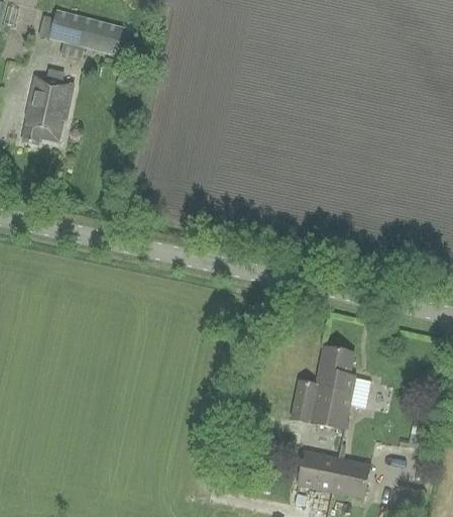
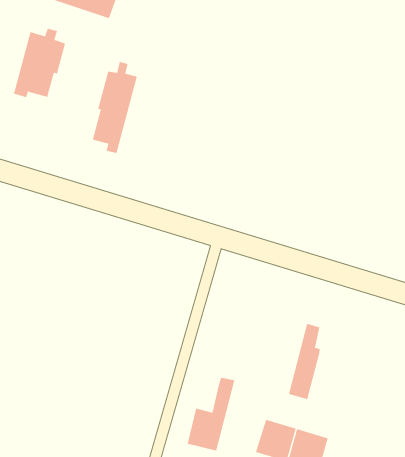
building: none -> [92,61,138,154]
building: [294,347,338,423] -> [187,377,235,451]

